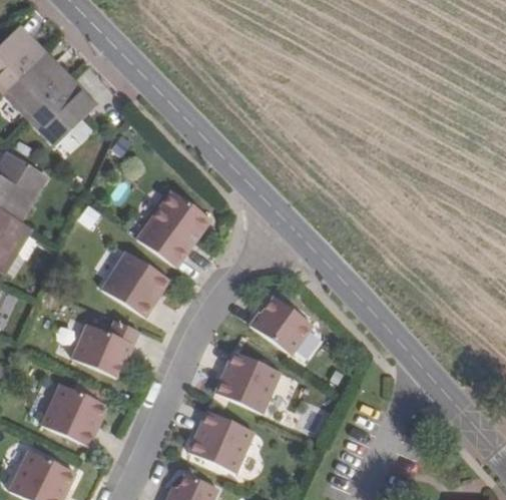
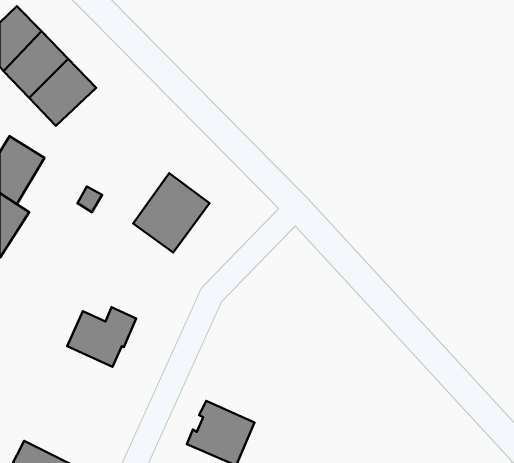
building: [99,251,168,318] -> none
building: [248,296,311,354] -> none
building: [214,351,280,413] -> none
building: [40,384,106,447] -> none

